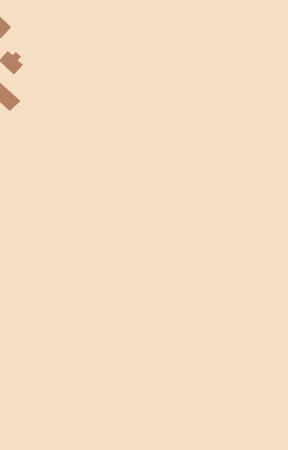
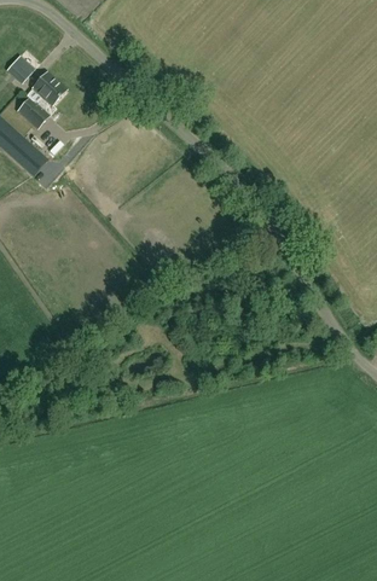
building: none -> [30,74,64,106]

